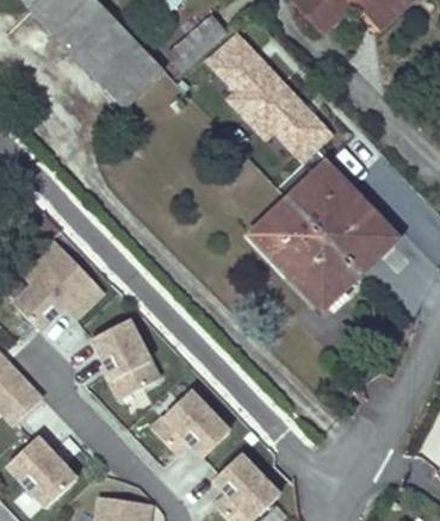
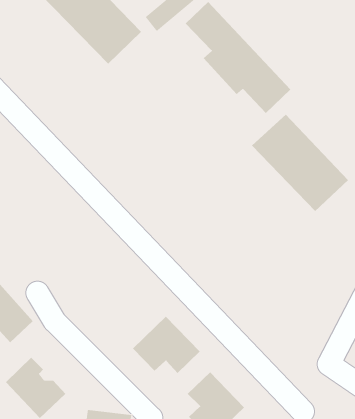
building: [249,197,359,308] -> none
building: [13,238,104,330] -> none
building: [92,320,159,397] -> none

